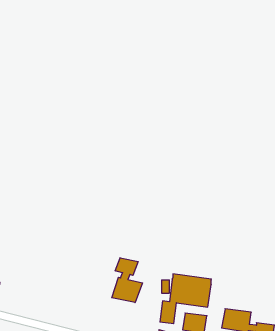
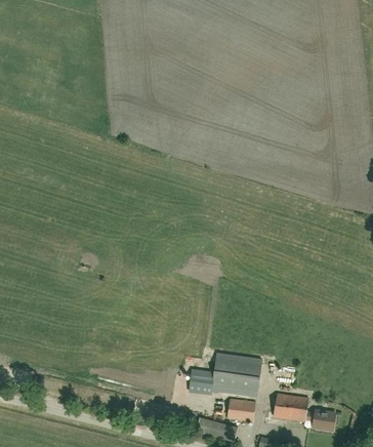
building: [112,258,143,303] -> none

